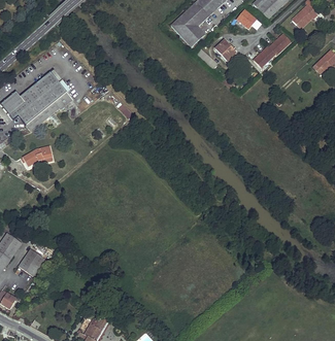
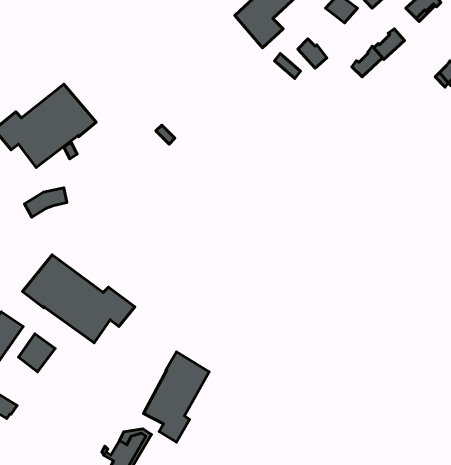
building: none -> [23,255,135,343]
building: none -> [143,352,209,442]

